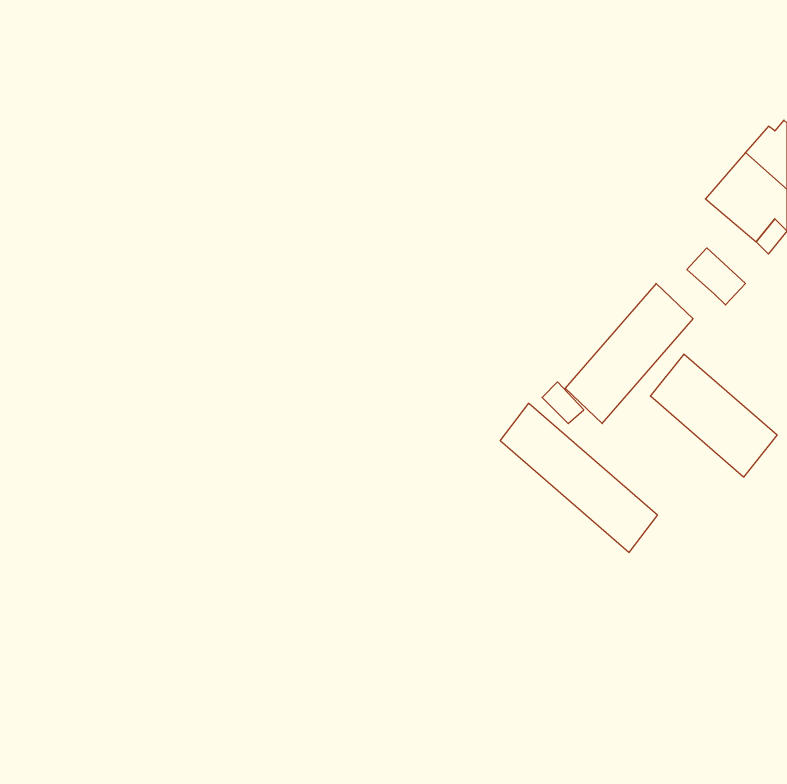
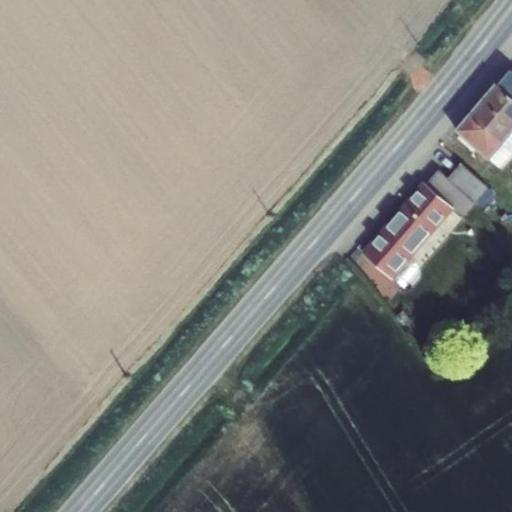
building: [650,354,777,477] -> none
building: [500,403,657,553] -> none

